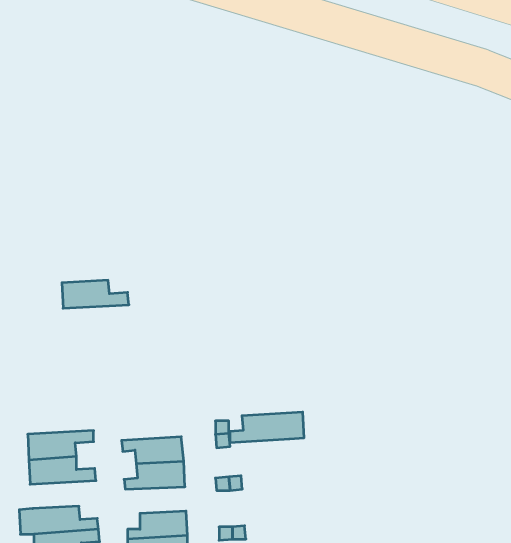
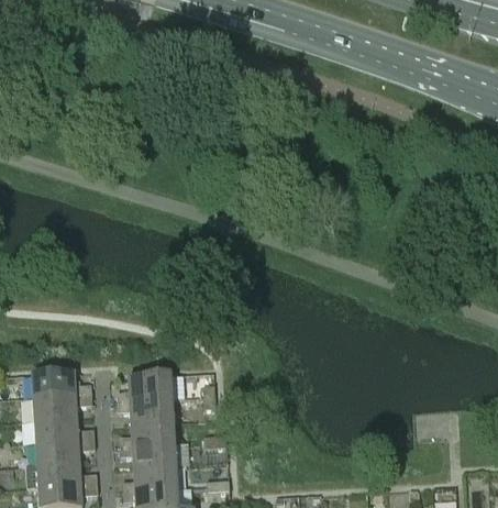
building: [62,280,129,308] -> [32,374,92,399]
building: [230,412,304,443] -> [118,377,185,405]
building: none -> [35,441,96,466]
building: none -> [121,446,176,471]

